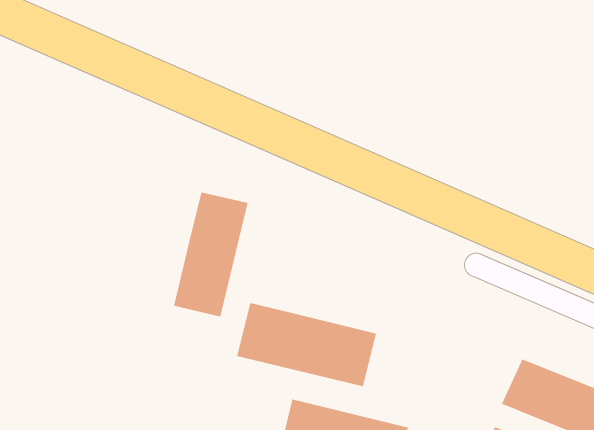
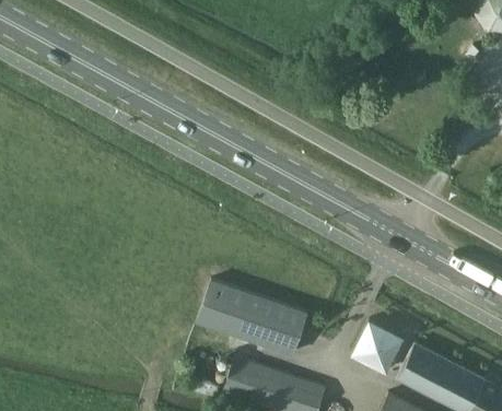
building: [173,191,249,317] -> none
building: none -> [352,319,405,373]

